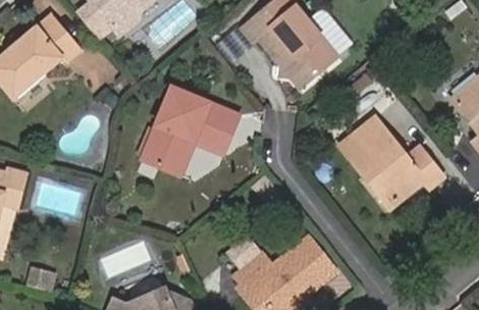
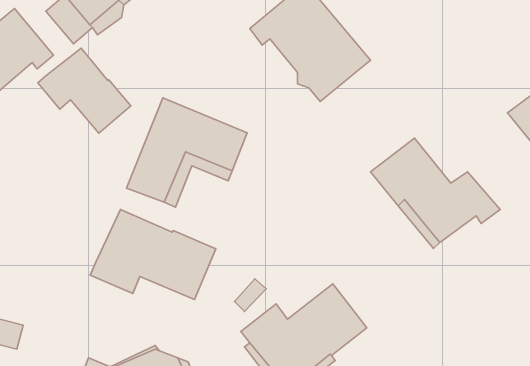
building: none -> [38,48,131,133]
building: none -> [90,209,216,300]

